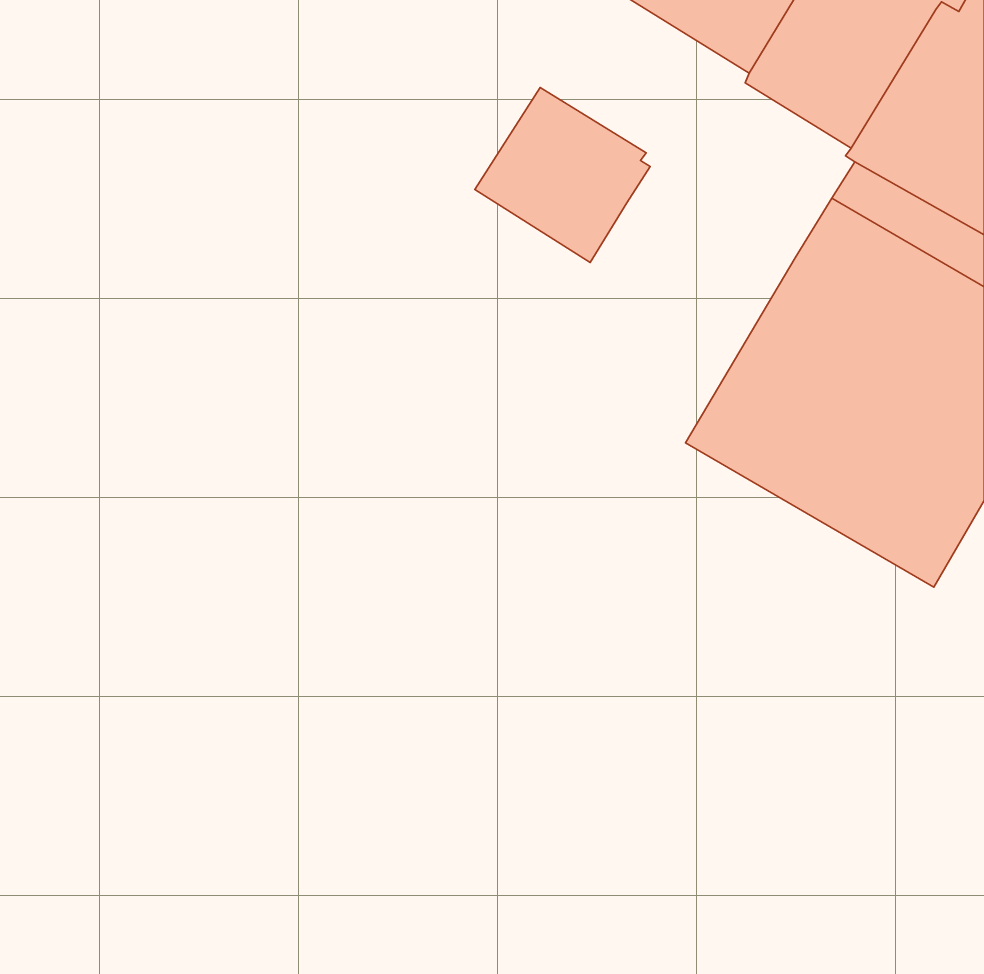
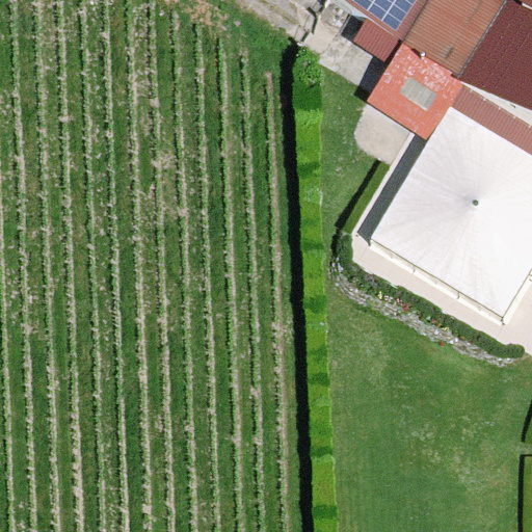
building: [475,87,650,263] -> [367,45,461,139]

